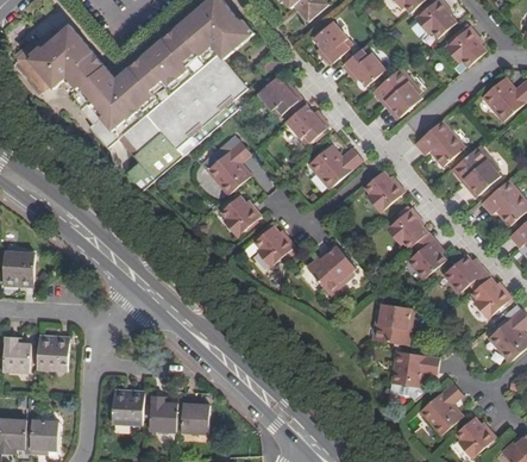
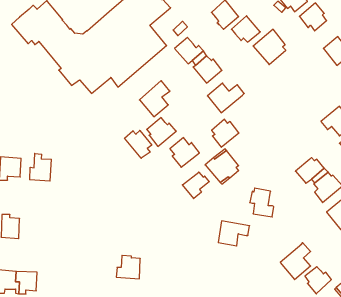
building: [414,117,464,161] -> none
building: [450,141,500,193] -> none
building: [365,169,406,211] -> [212,119,239,147]
building: [385,206,427,248] -> none
building: none -> [125,130,152,158]
building: [404,237,444,279] -> none
building: none -> [30,153,51,181]
building: none -> [182,172,209,199]
building: [36,336,68,370] -> none
building: [391,349,438,386] -> [218,221,250,246]
building: [106,389,136,425] -> none
building: [149,394,182,431] -> none

